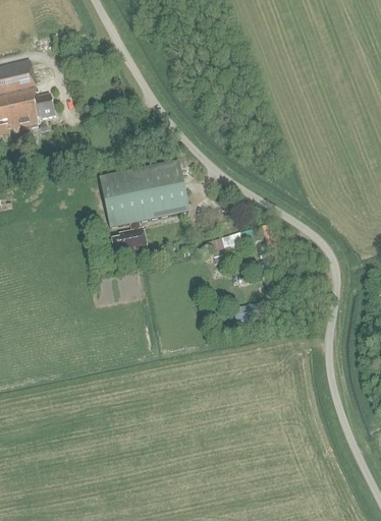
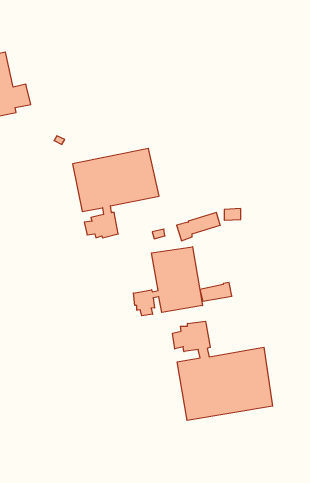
building: none -> [133,247,202,316]
building: none -> [173,321,273,420]

